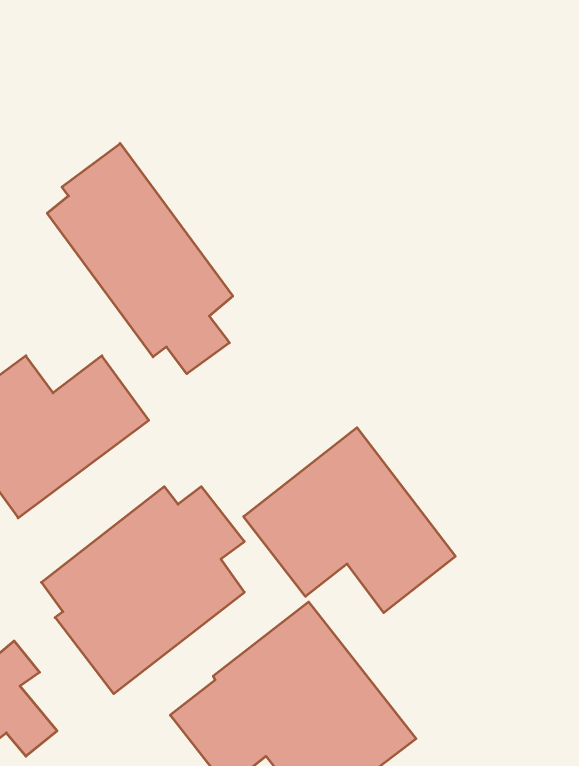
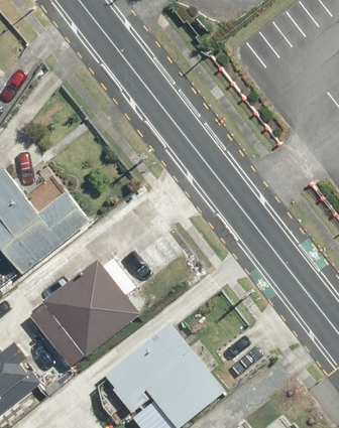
building: [47,143,233,374] -> none
building: [244,428,455,613] -> none

